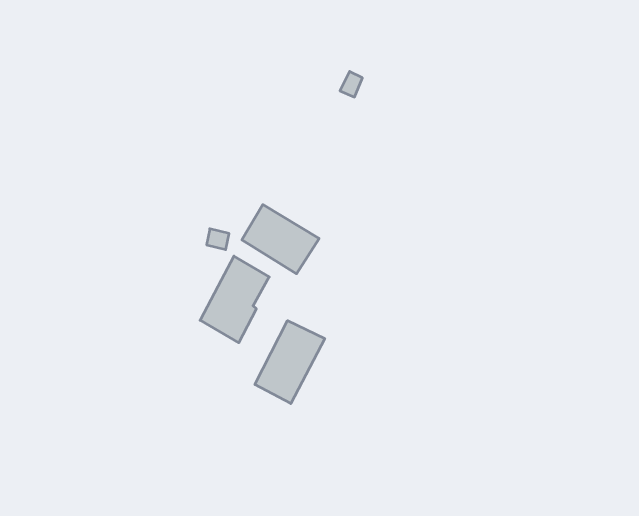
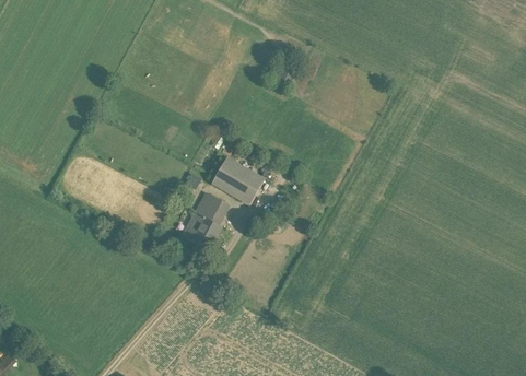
building: [255,321,325,404] -> none

